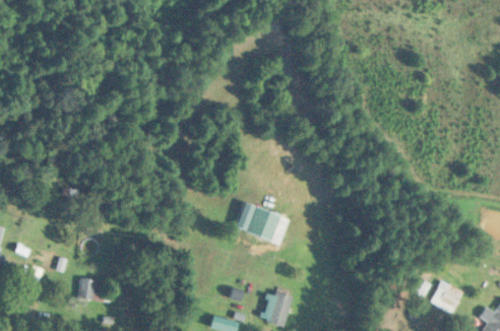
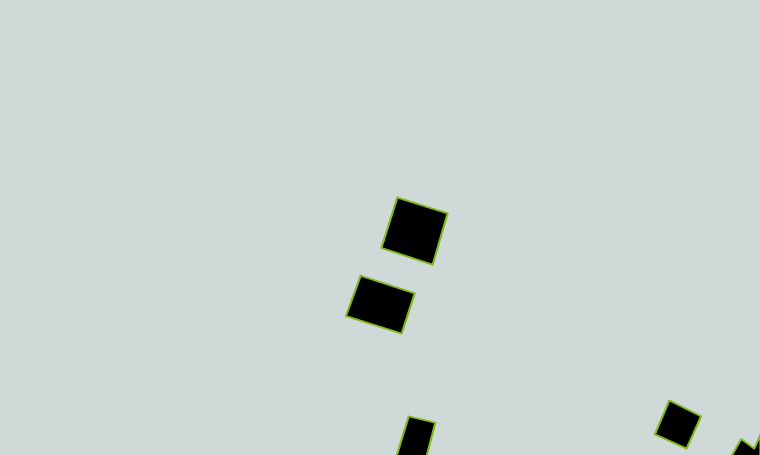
building: none -> [381,197,448,265]
building: [79,279,109,300] -> none

